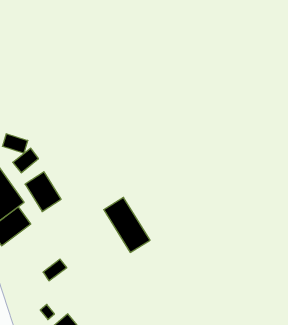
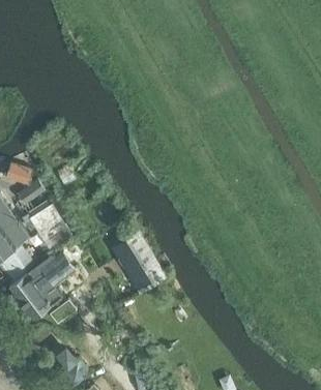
building: none -> [7,250,75,318]

